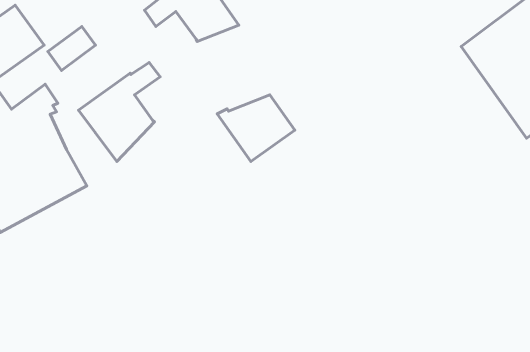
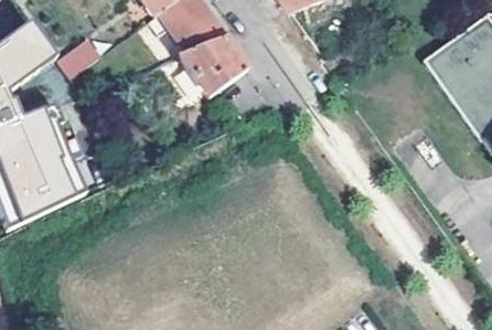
building: [79,62,160,161] -> none
building: [217,95,295,161] -> [180,40,248,98]

